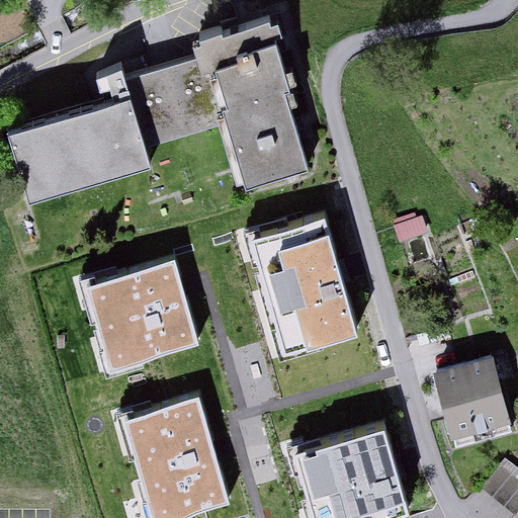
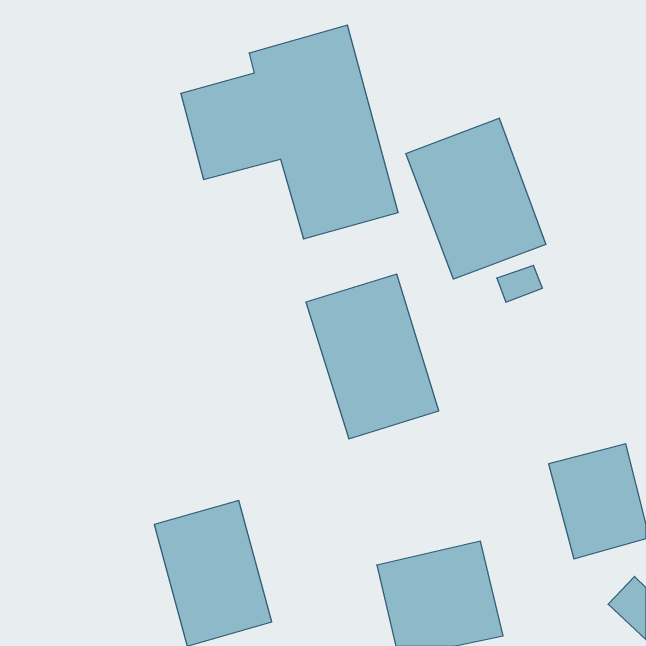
building: [13,93,160,205] -> none
building: none -> [406,118,546,279]
building: [88,262,187,361] -> none

